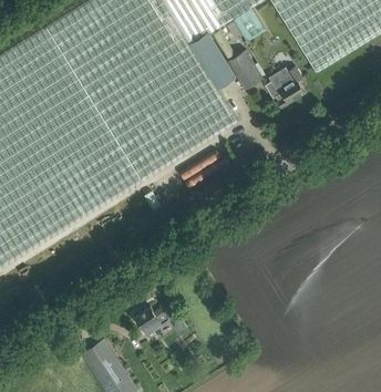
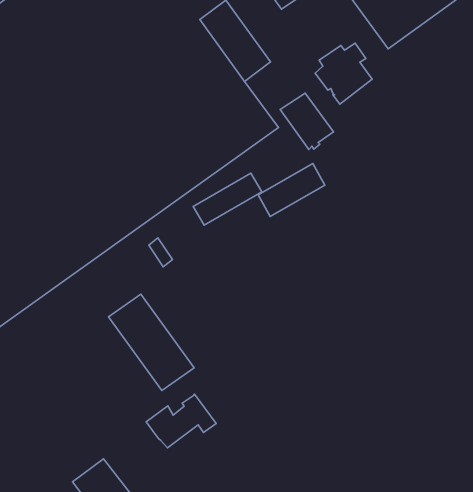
building: [227,50,262,89] -> [280,93,334,150]
building: none -> [258,164,325,216]
building: none -> [109,294,194,390]

